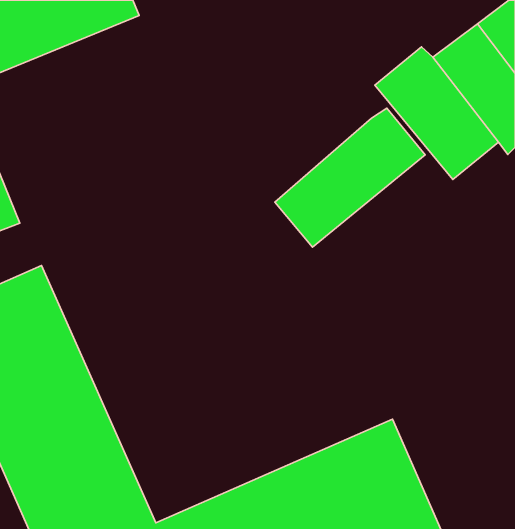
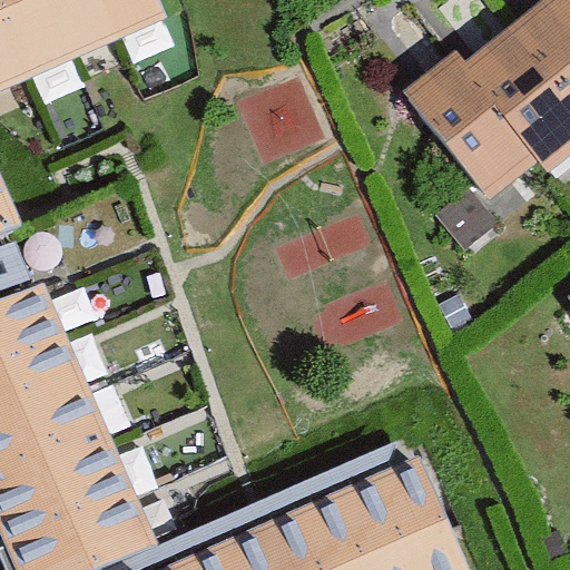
building: [275,108,425,247] -> none

